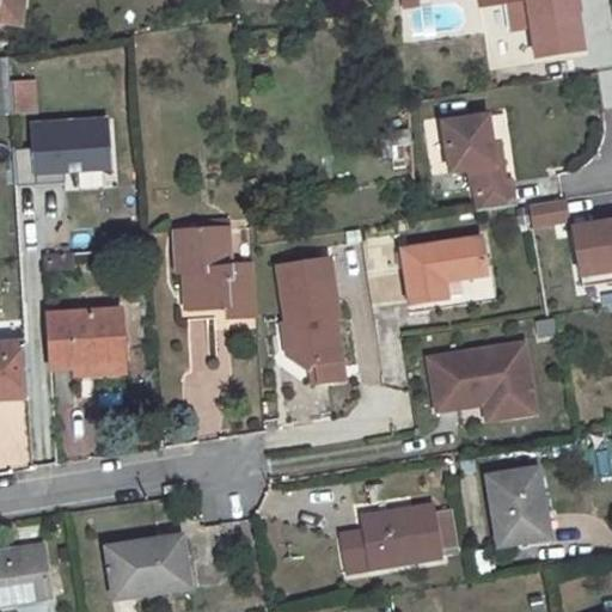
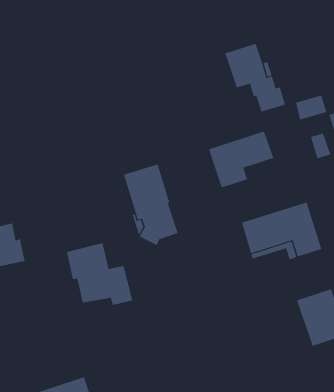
building: [176,227,257,316] -> [66,242,133,306]
building: [338,504,439,571] -> none

